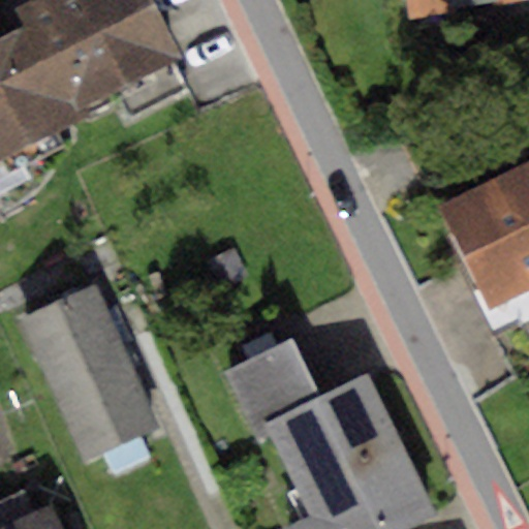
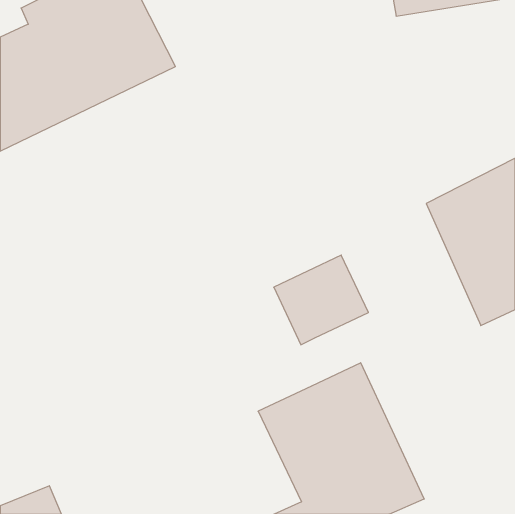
building: [18,286,155,459] -> none
building: [222,337,319,429] -> [274,255,368,345]

